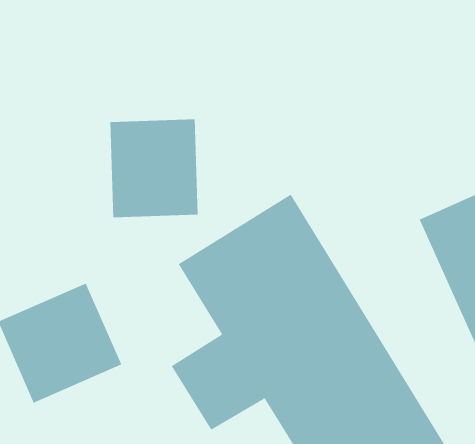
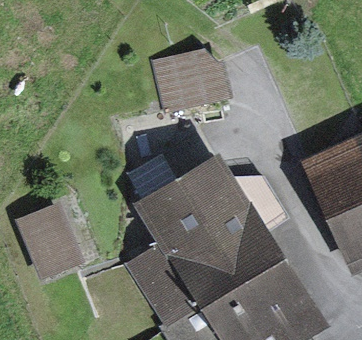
building: [109,119,198,218] -> [162,51,224,120]

